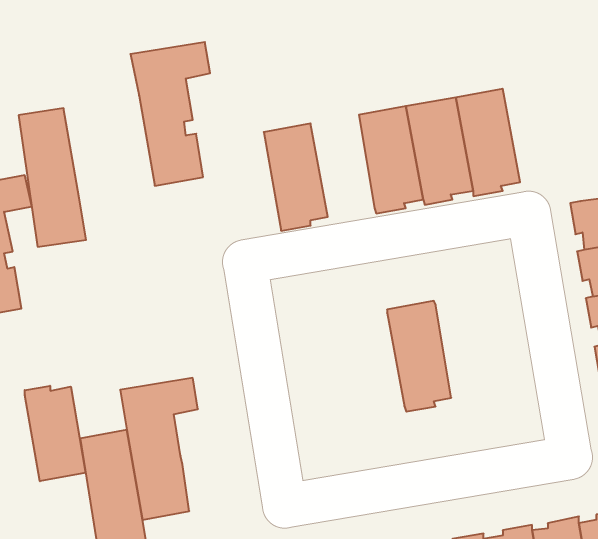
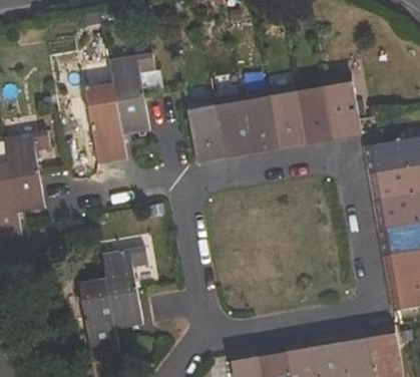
building: none -> [325,77,361,138]
building: [19,108,86,247] -> [88,85,127,165]
building: [387,301,451,412] -> [214,94,251,158]
building: [25,386,86,481] -> none

